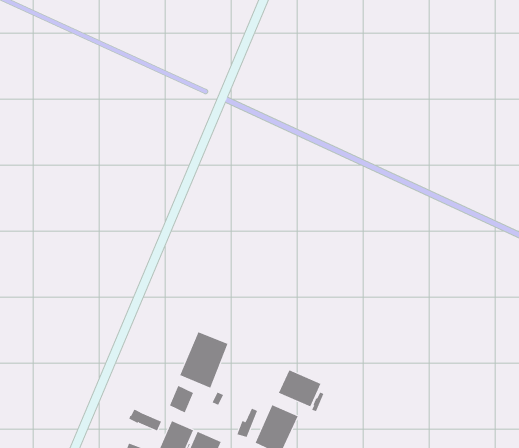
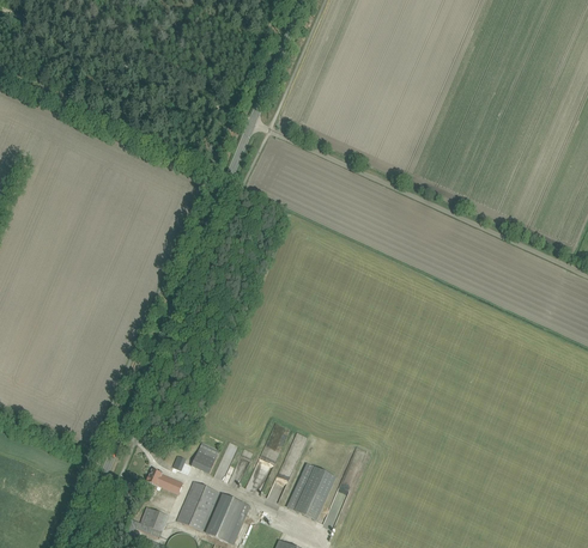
building: [180,331,228,389] -> none
building: [278,369,321,407] -> none

